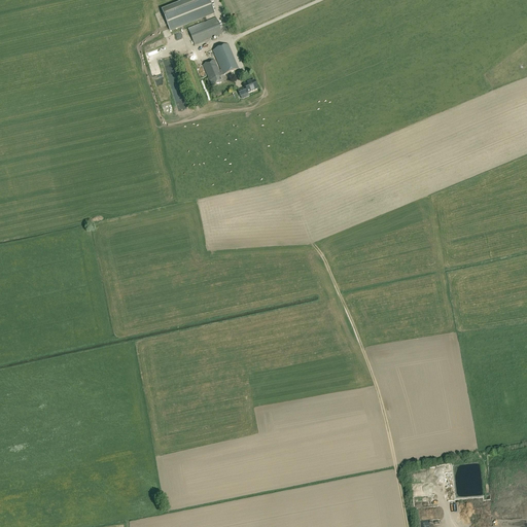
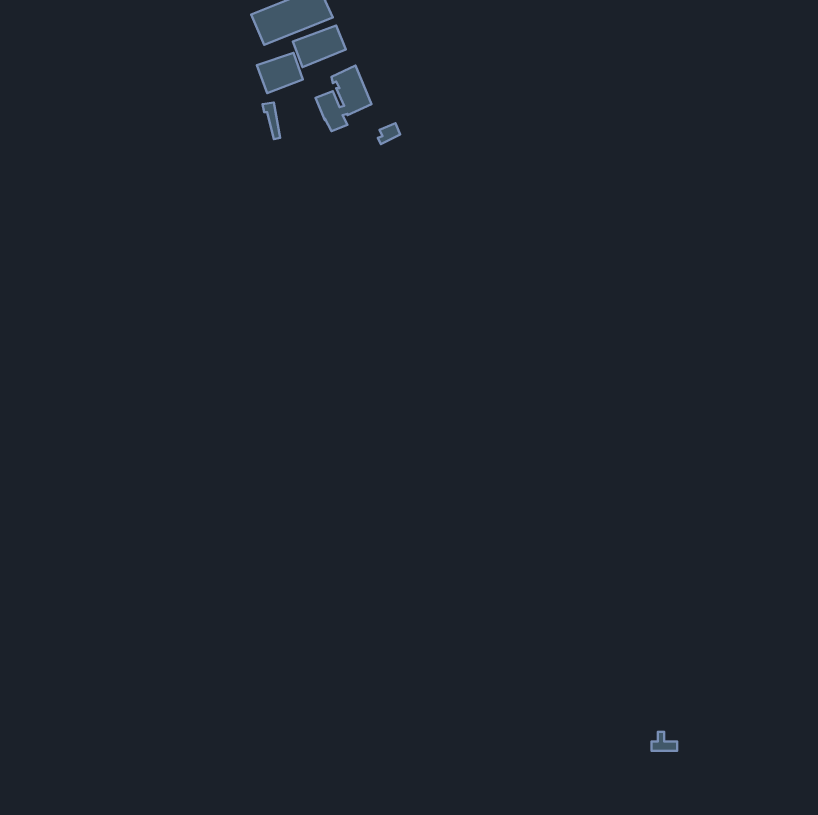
building: none -> [257,53,303,93]

